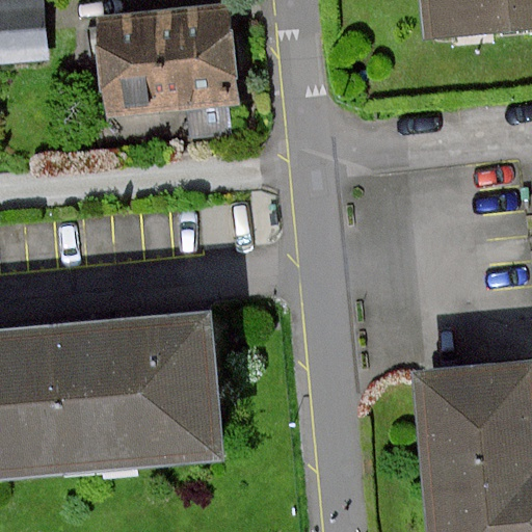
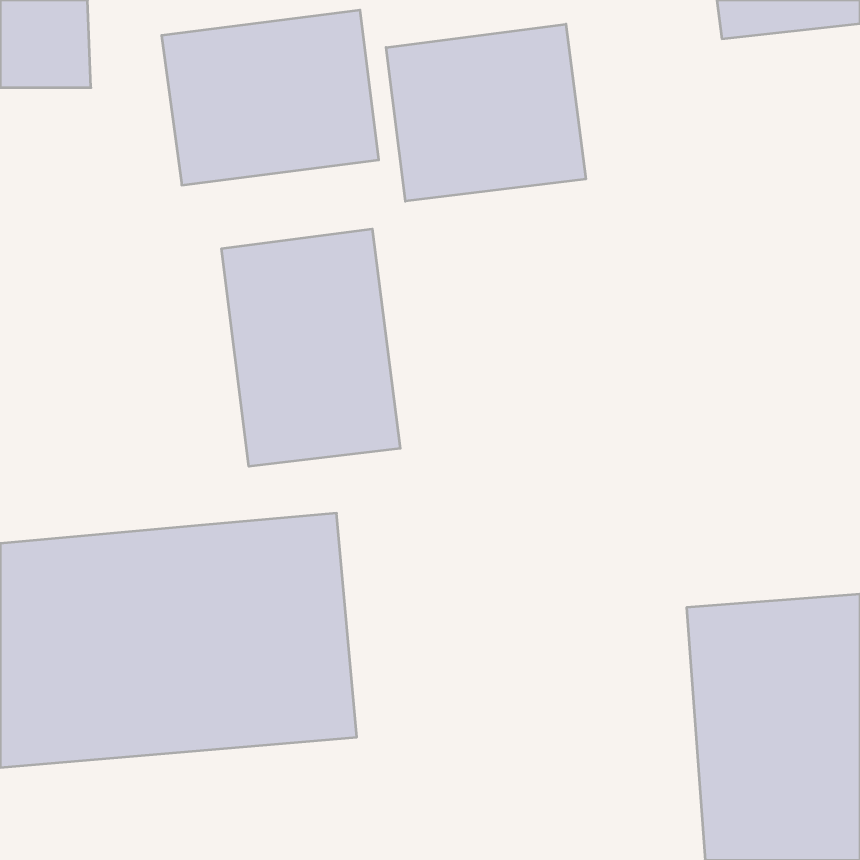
building: none -> [386,24,586,201]
building: none -> [222,229,400,466]

